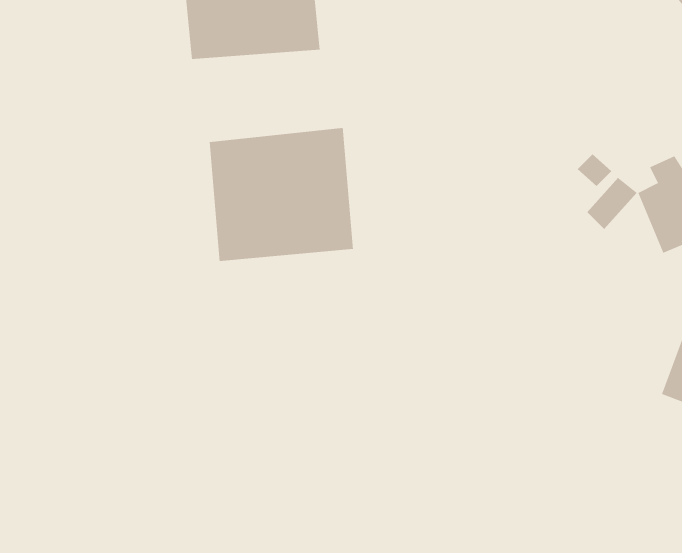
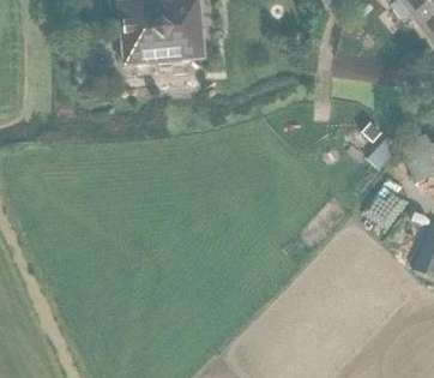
building: [209,127,354,262] -> none

